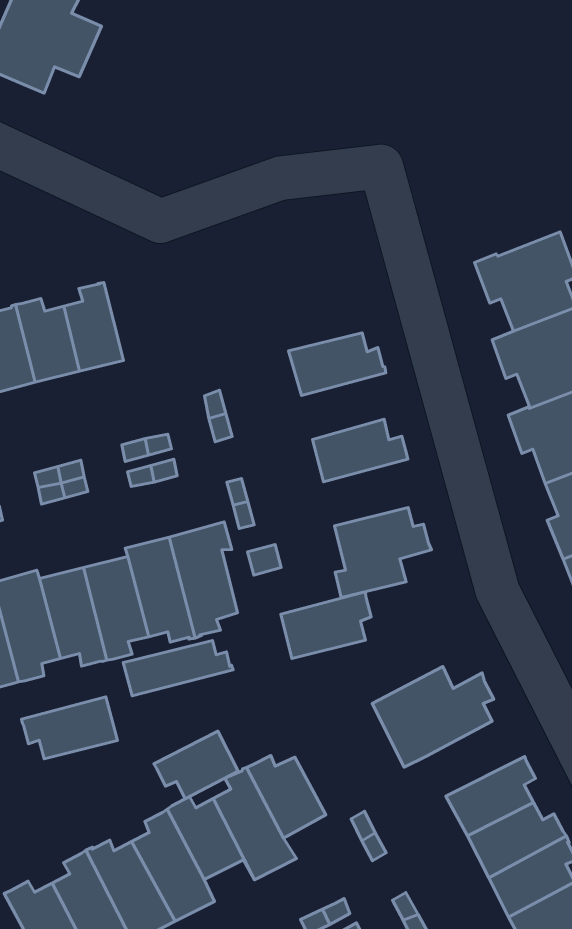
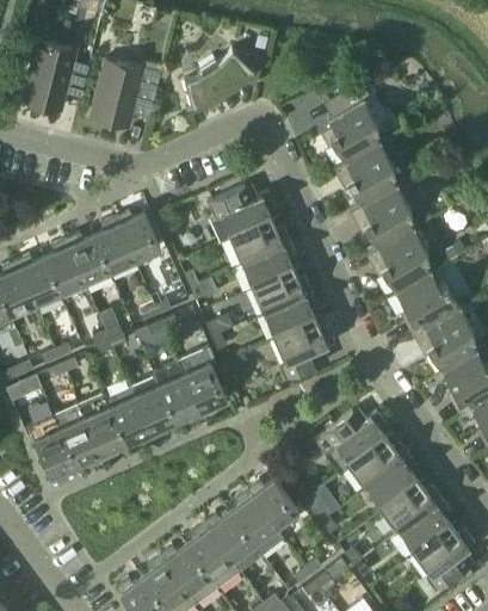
building: none -> [91,61,163,128]
building: none -> [185,50,264,112]
building: none -> [323,82,381,163]
building: none -> [209,187,274,245]
building: none -> [116,211,161,261]
building: none -> [243,243,297,290]
building: [281,592,371,658] -> [265,292,319,339]
building: [123,640,233,696] -> none
building: [21,697,118,759] -> none
building: none -> [352,439,410,488]
building: [154,731,238,799] -> none

